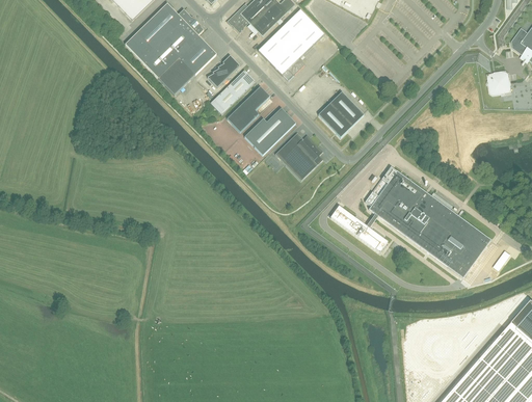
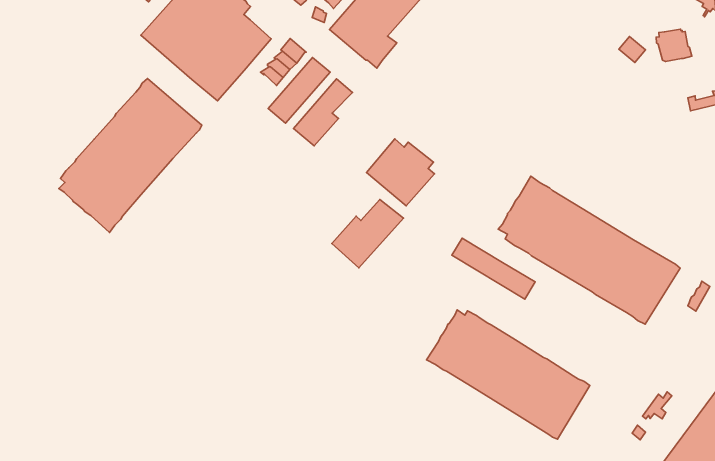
building: none -> [59,79,202,233]
building: [318,90,364,136] -> none
building: [244,107,296,154] -> [332,200,403,268]
building: none -> [427,310,590,439]

